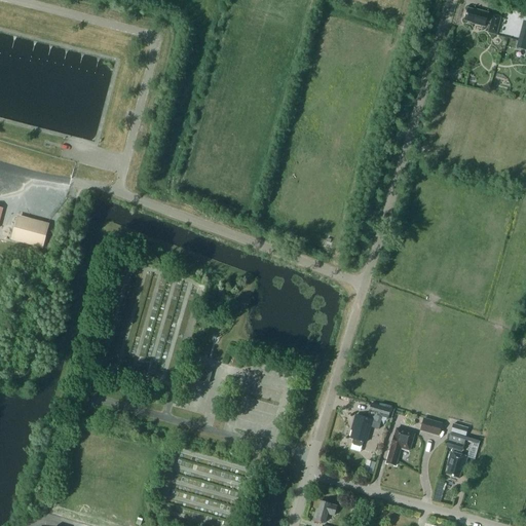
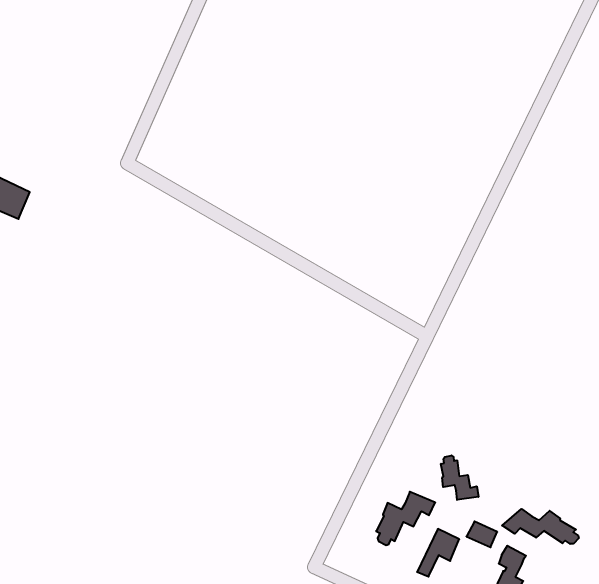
building: none -> [441,455,478,500]
building: none -> [502,509,579,544]

